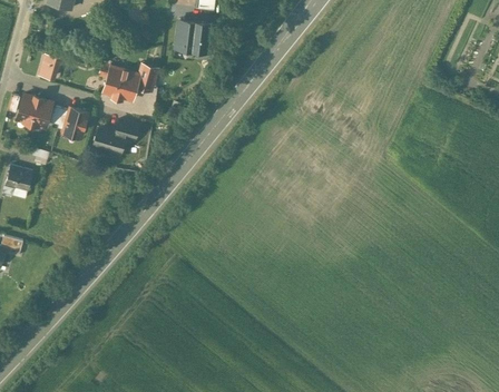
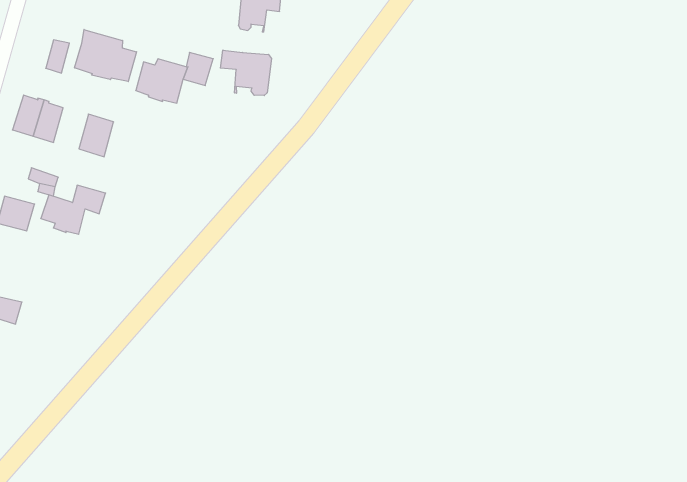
building: none -> [75,29,137,82]
building: none -> [220,50,272,96]
building: [92,121,138,156] -> [41,185,106,234]

